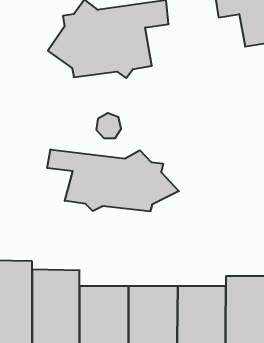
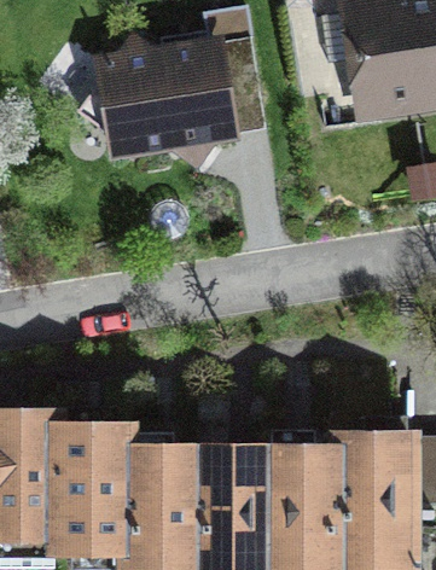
building: [47,149,179,211] -> none

